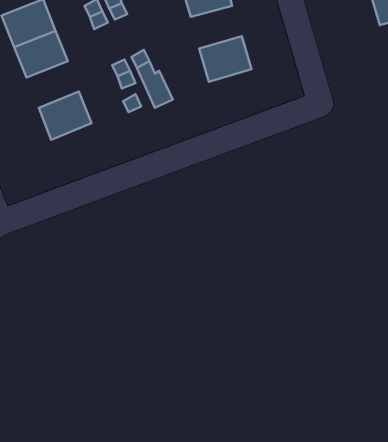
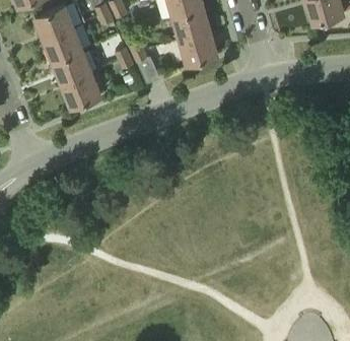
building: none -> [173,10,211,42]
building: none -> [53,51,91,85]

